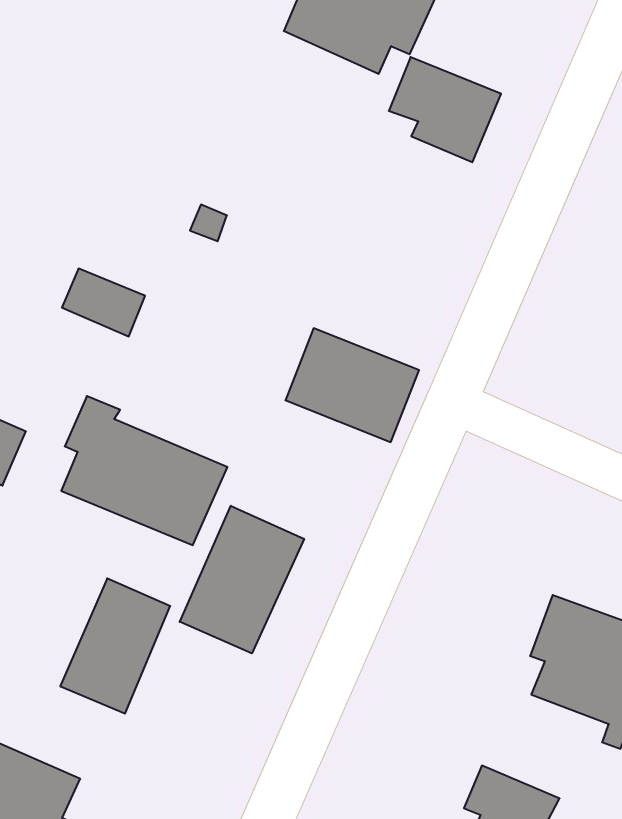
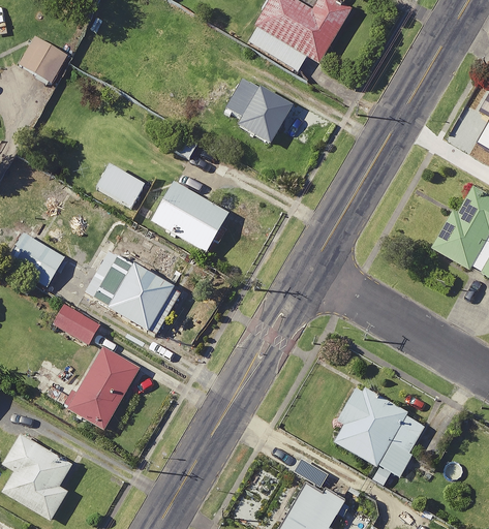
building: [389,57,501,162] -> [223,76,291,143]
building: [285,328,419,442] -> [148,180,228,252]
building: [180,506,304,653] -> none
building: none -> [51,303,98,342]

